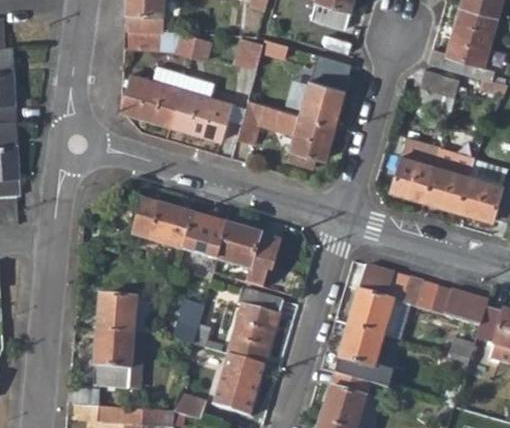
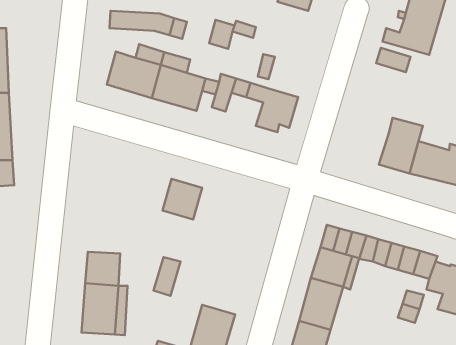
building: [300,54,352,124] -> none
building: [391,137,439,199] -> none
building: [135,201,193,250] -> none
building: [217,225,280,287] -> none
building: [227,295,281,366] -> none

